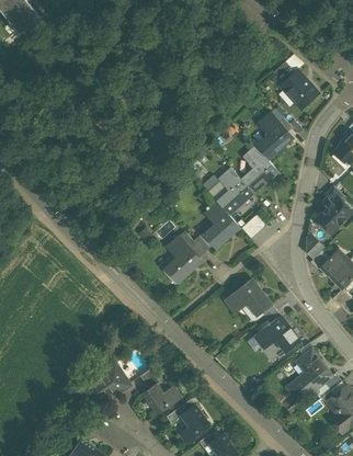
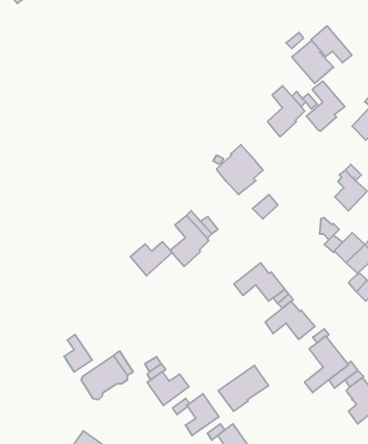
building: none -> [311,26,352,63]
building: [240,146,276,193] -> [306,81,345,131]
building: [202,202,238,249] -> none
building: none -> [130,242,172,276]
building: none -> [64,335,92,372]
building: none -> [218,365,269,411]

